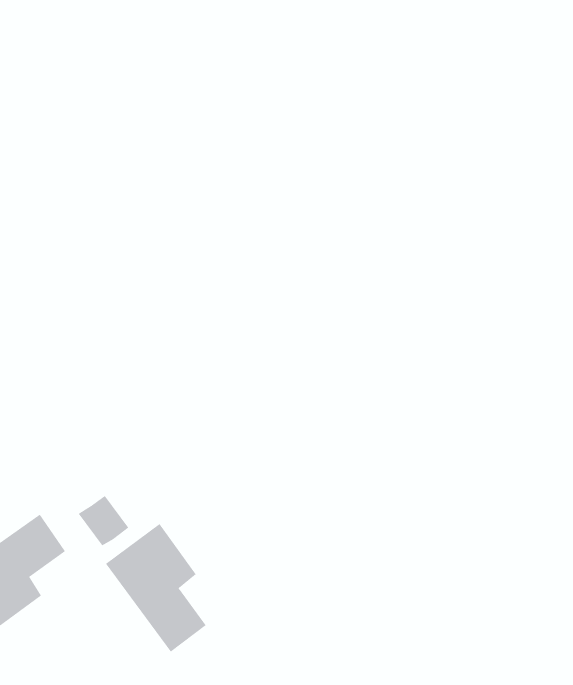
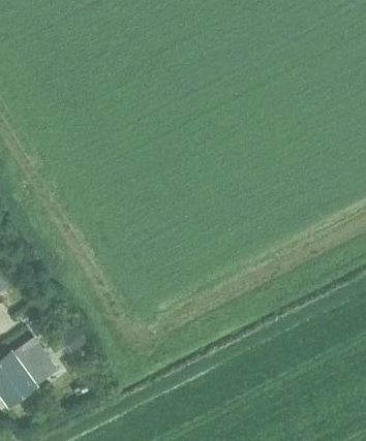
building: [105,523,206,653] -> none

